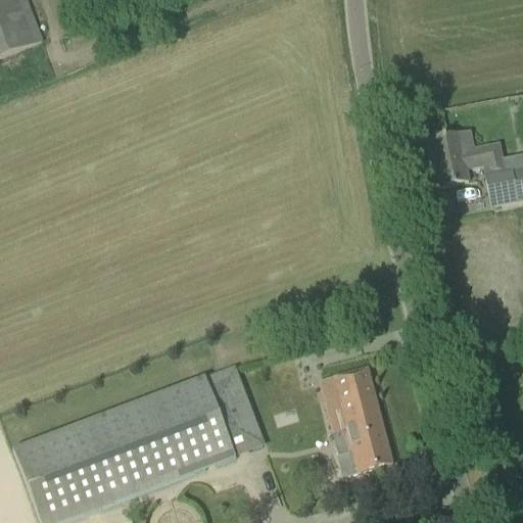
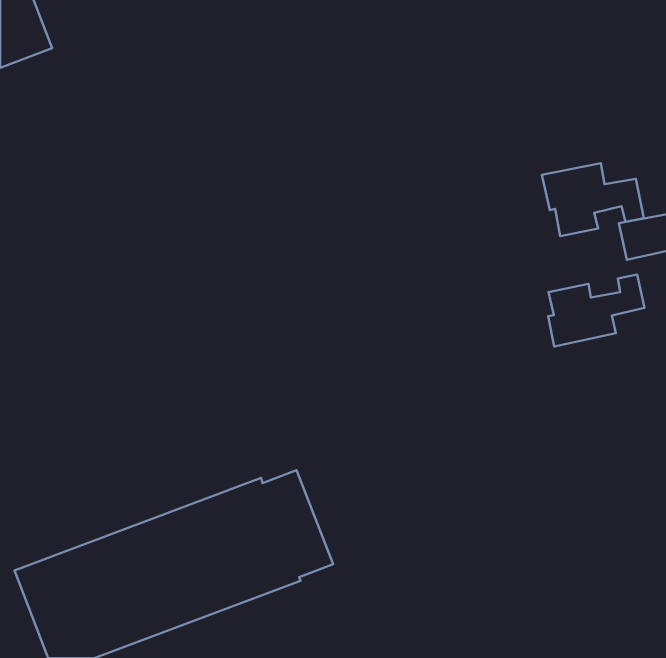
building: none -> [548,275,644,346]
building: [329,366,392,470] -> none

